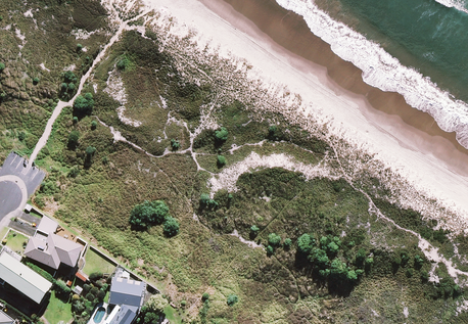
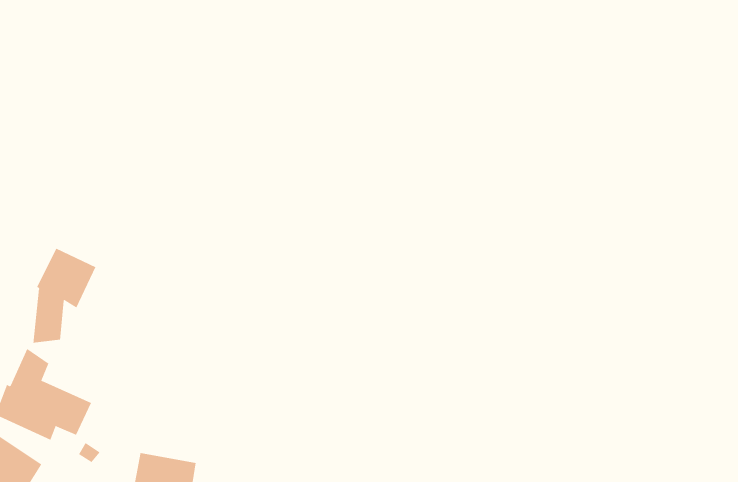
building: none -> [33,248,96,344]

